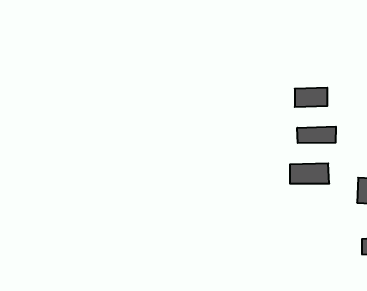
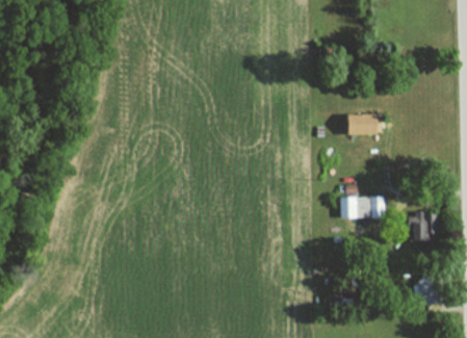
building: [297,127,336,143] -> none

